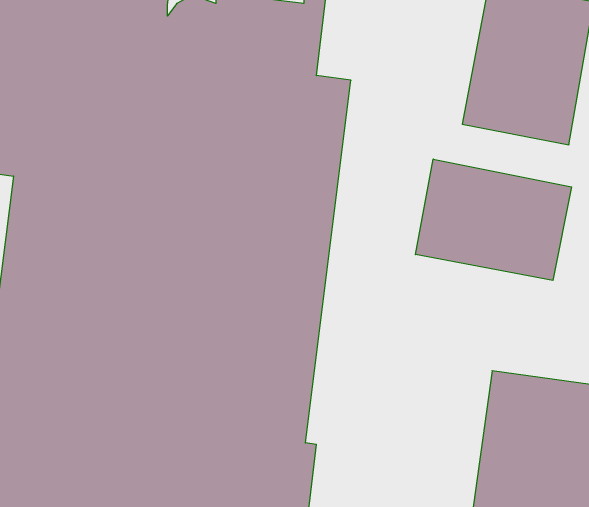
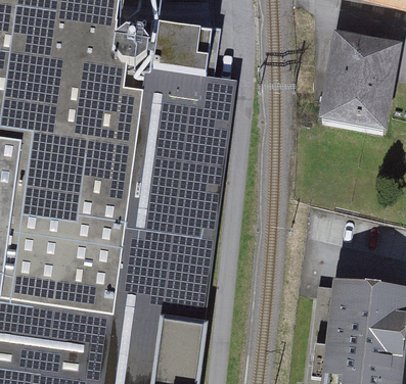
building: [415,159,572,280] -> none

